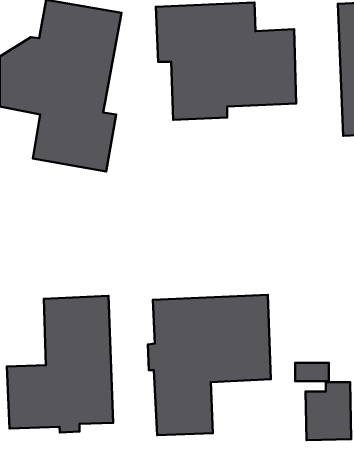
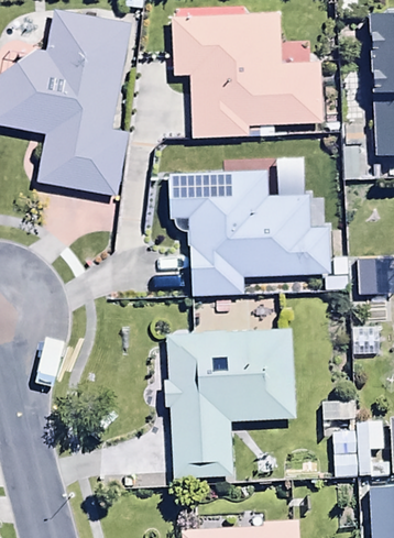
building: none -> [168,171,331,295]
building: [7,296,113,432] -> none

